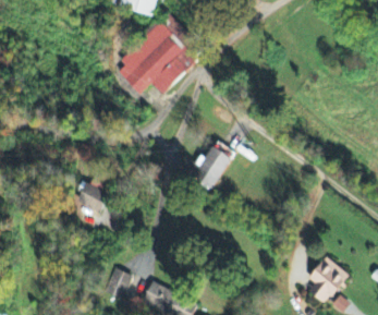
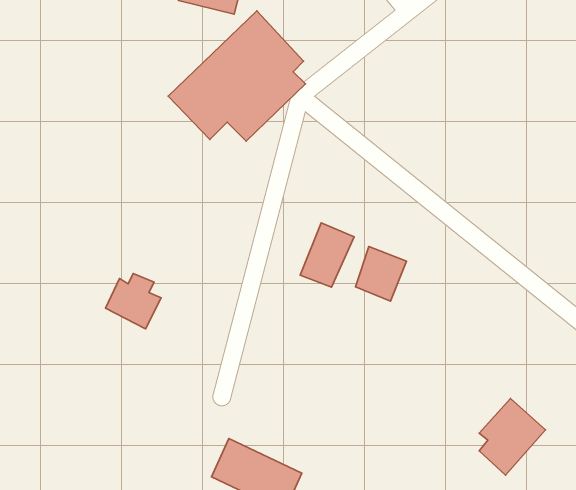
building: none -> [356,247,407,301]
building: [103,266,132,299] -> none

